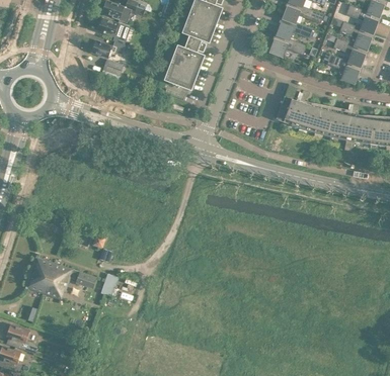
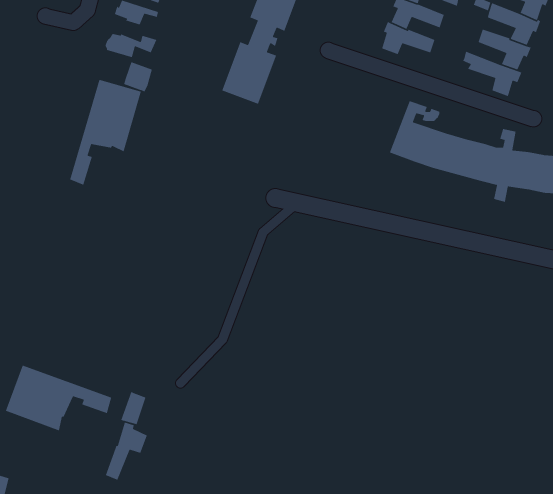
building: none -> [69,79,142,186]
building: none -> [105,422,148,481]

